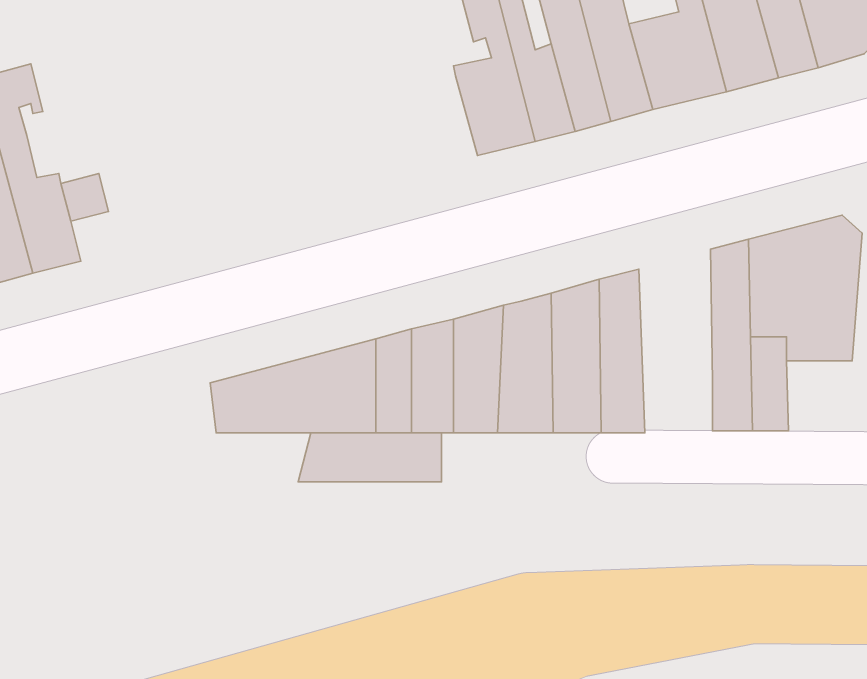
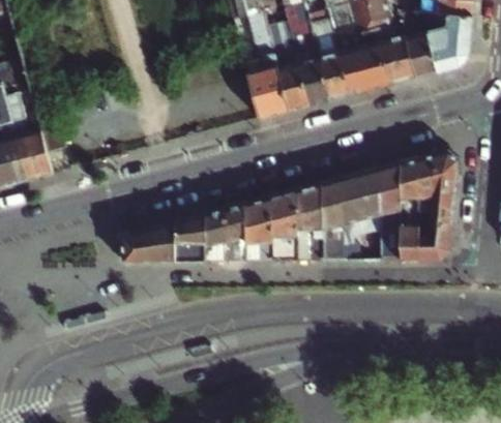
building: none -> [345,165,383,261]
building: none -> [421,223,455,260]
building: [298,433,442,482] -> none

